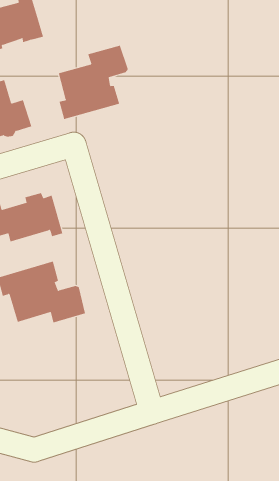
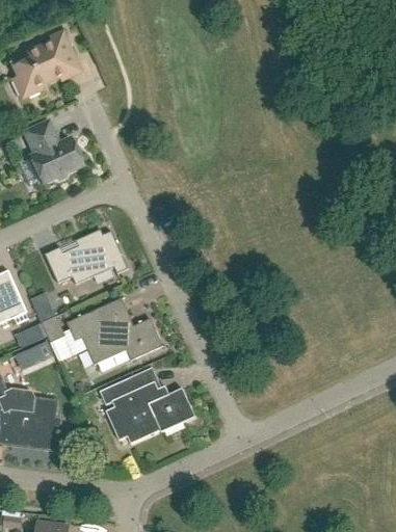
building: [58,45,128,120] -> none
building: none -> [100,377,194,443]

